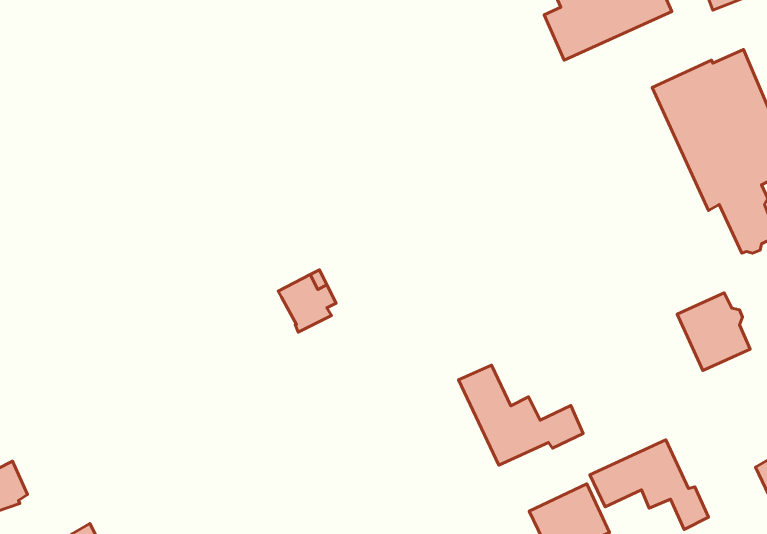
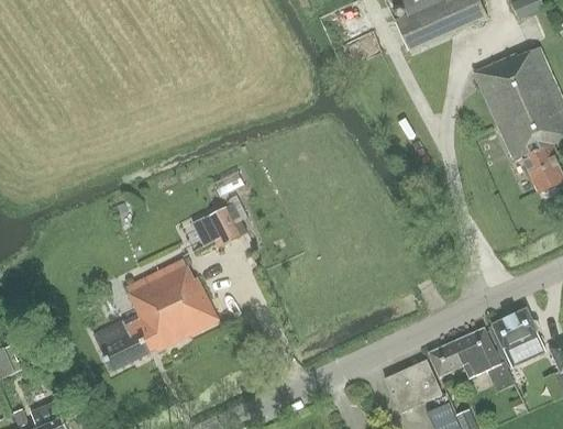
building: [677,293,750,370] -> [492,309,544,365]
building: none -> [93,257,219,372]
building: [459,365,583,465] -> none

